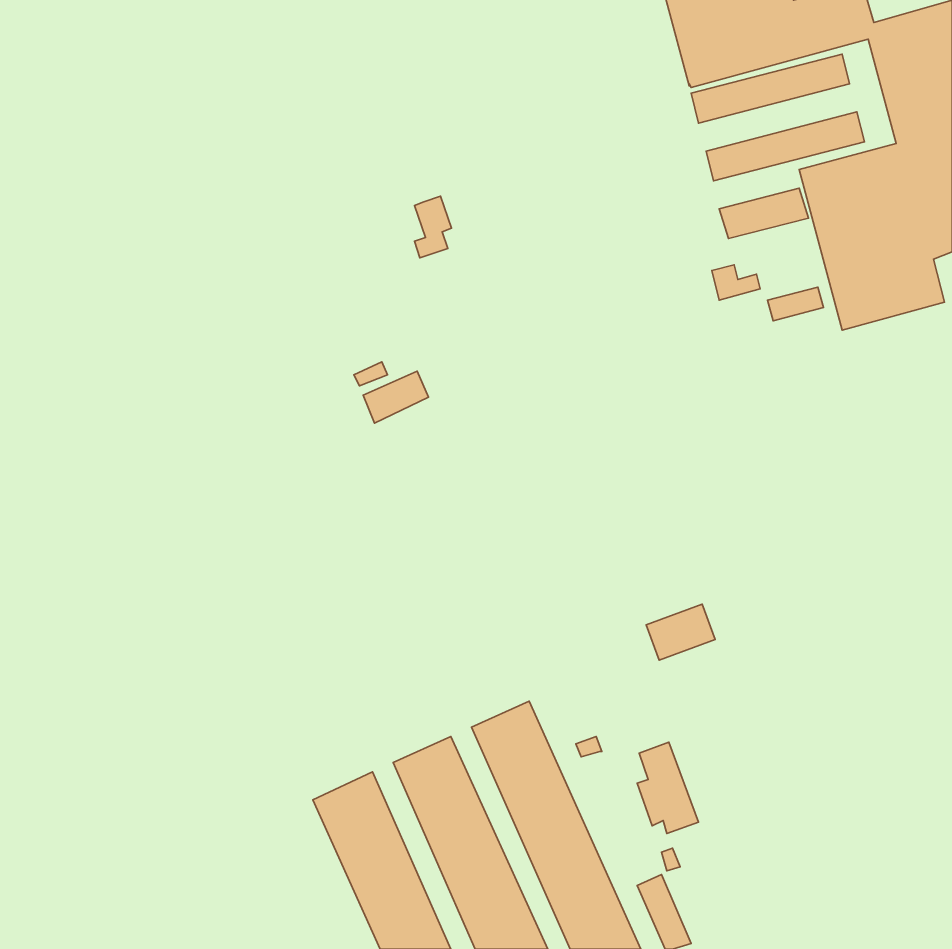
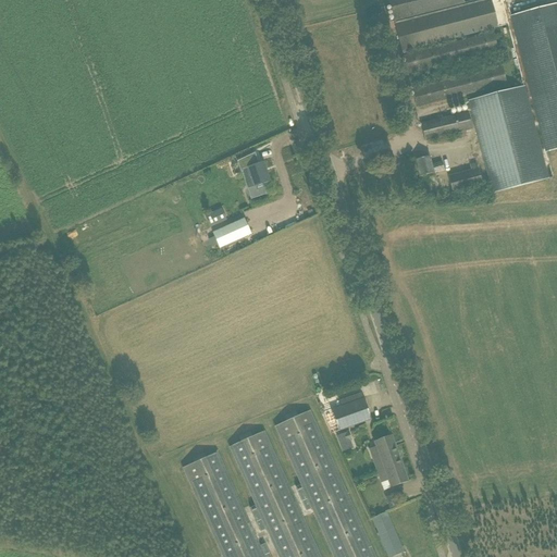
building: [414,196,452,258] -> [247,161,269,197]
building: [646,604,715,660] -> [331,397,371,430]

